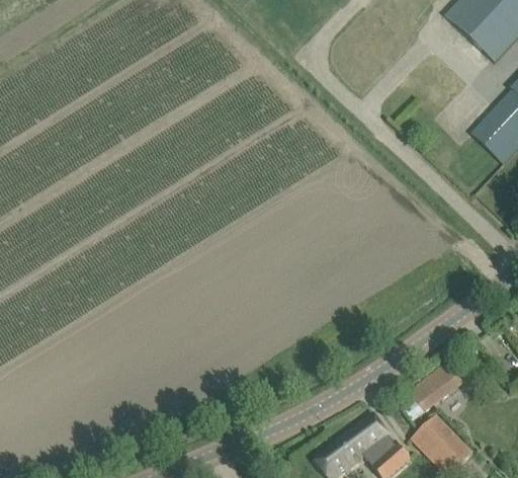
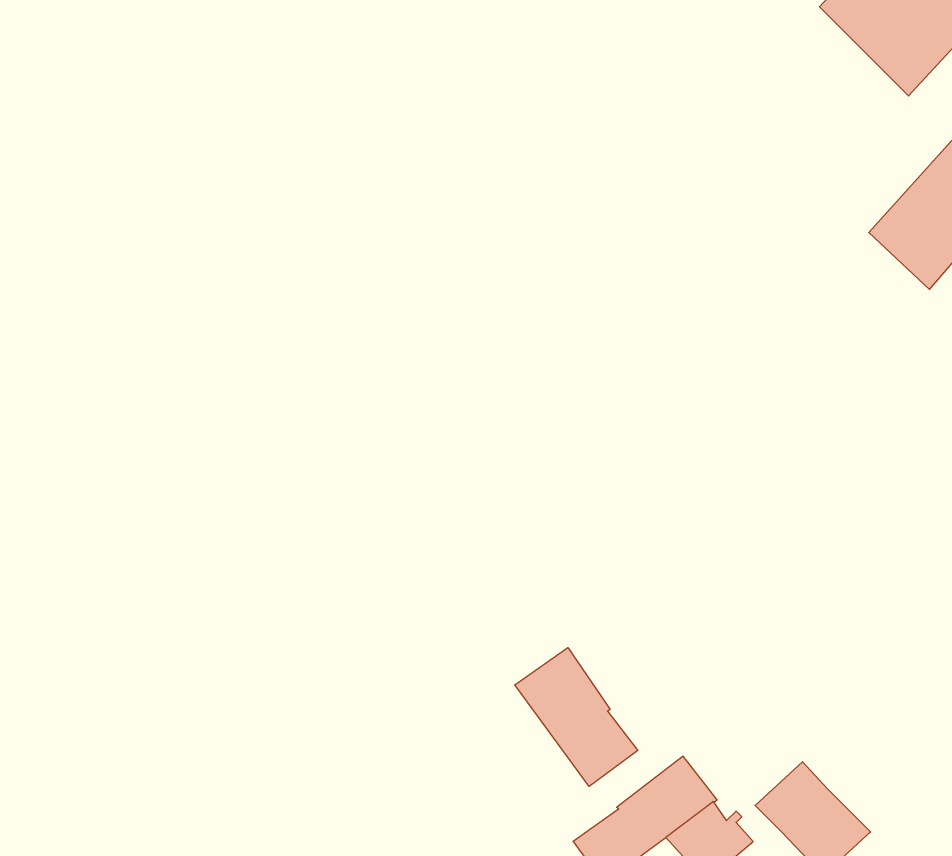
building: none -> [515,648,638,786]
building: [411,358,469,411] -> none

